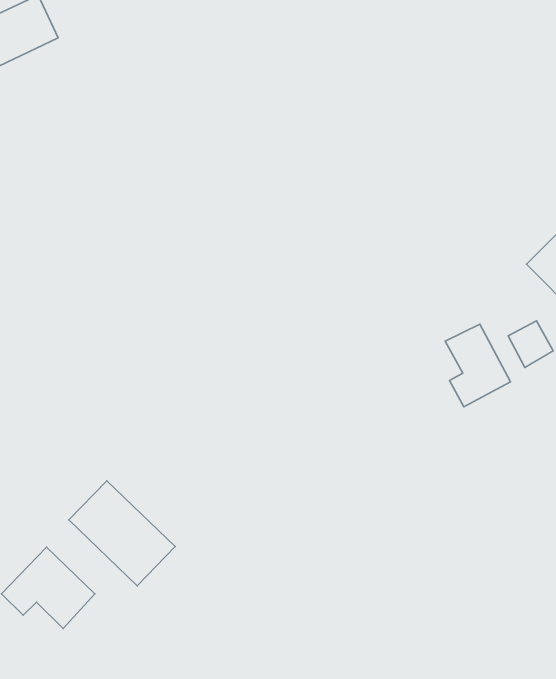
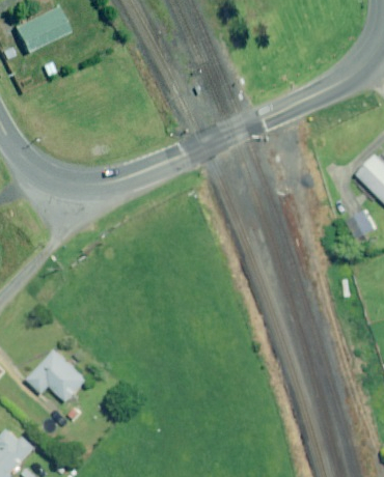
building: [445,324,511,407] -> none
building: [69,481,175,586] -> none

